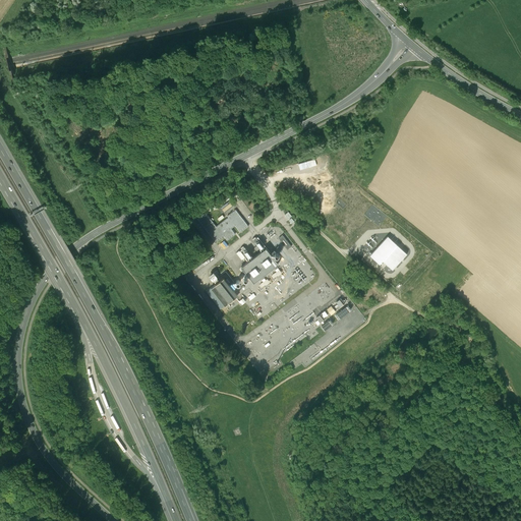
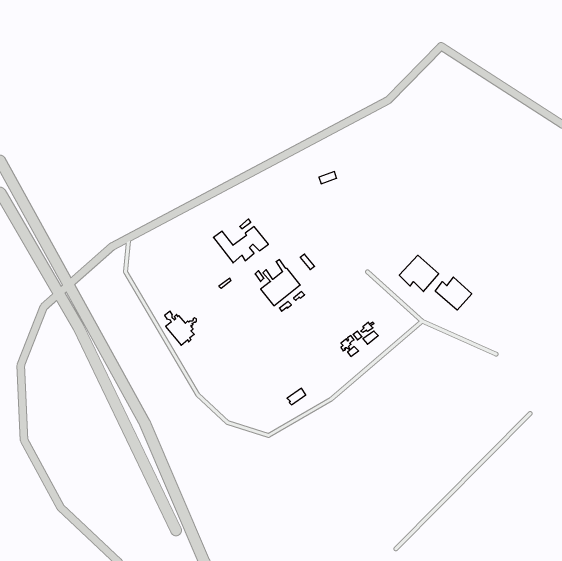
building: none -> [435,277,472,310]
building: [210,276,239,307] -> [165,311,196,345]

